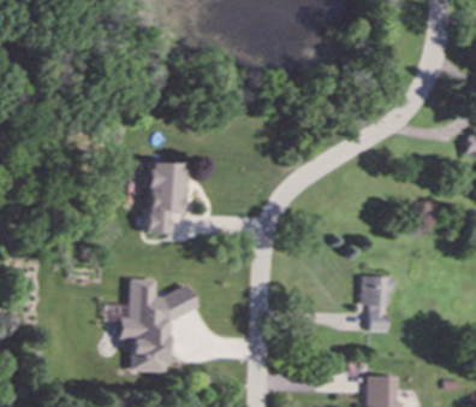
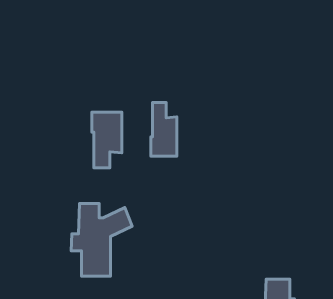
building: none -> [151,102,177,156]
building: [361,275,391,330] -> none

